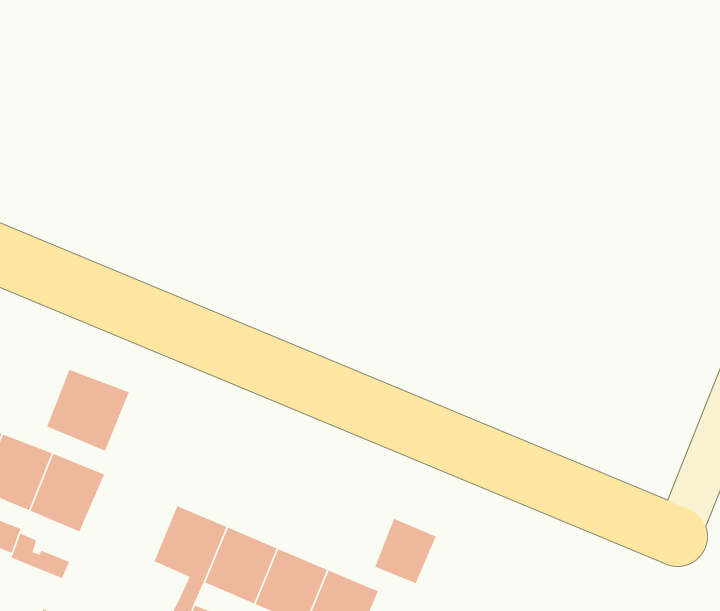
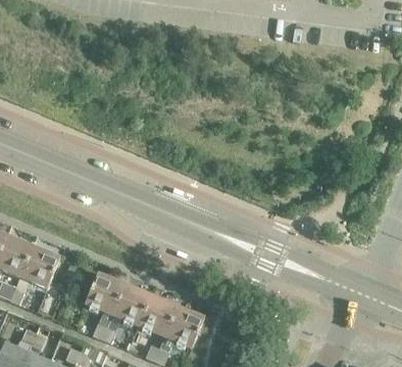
building: [46,369,130,452] -> none
building: [374,518,437,584] -> none

